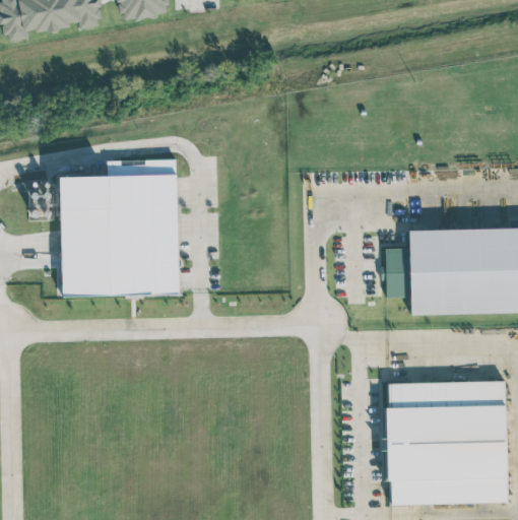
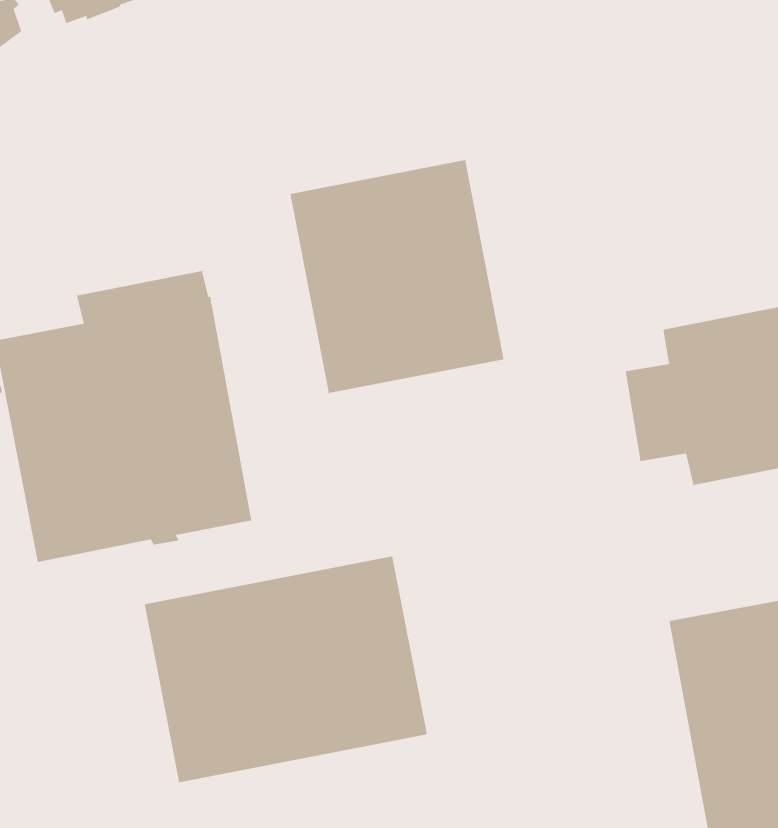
building: none -> [289,159,505,394]
building: none -> [144,555,428,783]

